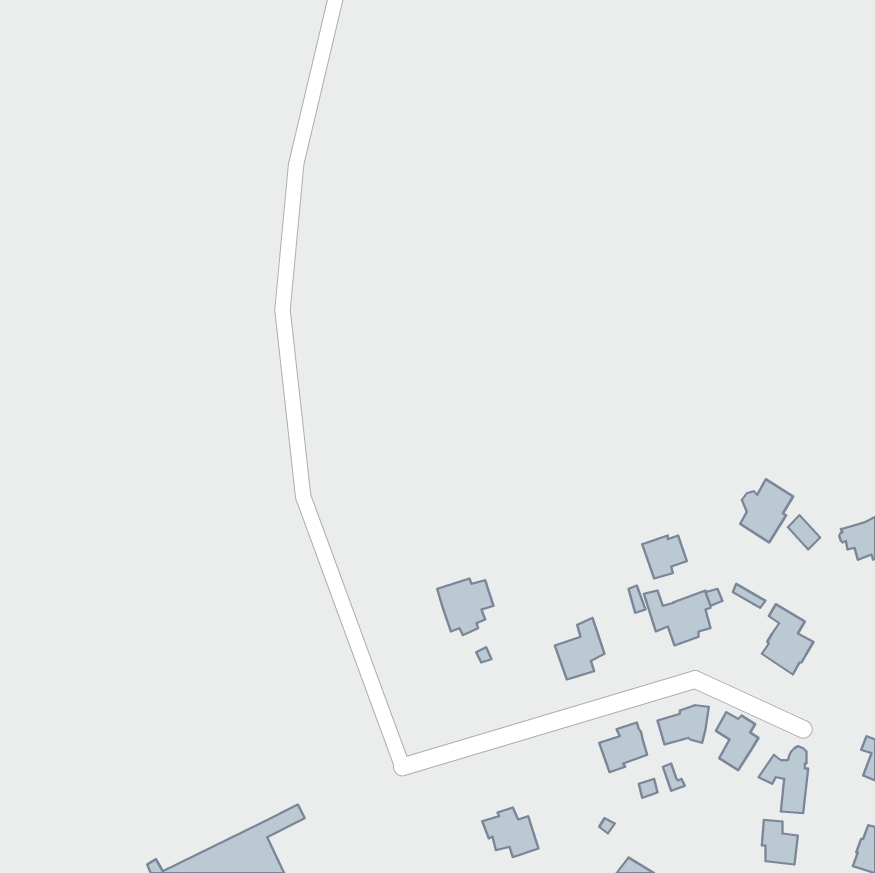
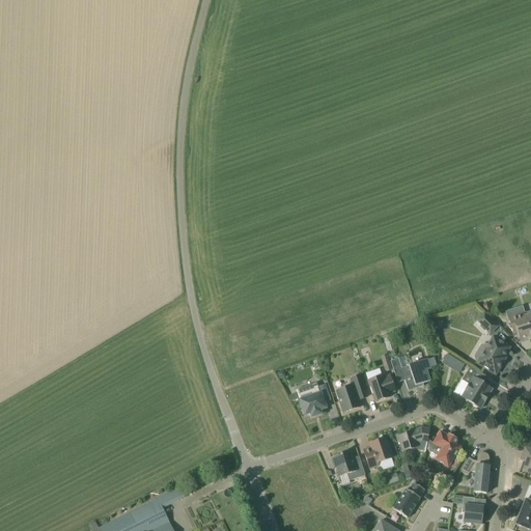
building: [740,479,793,543] -> [477,336,509,374]
building: [642,536,687,578] -> [367,375,394,401]
building: [437,579,494,635] -> [297,383,331,417]
building: none -> [393,482,424,518]
building: [482,808,539,857] -> [331,450,365,480]

